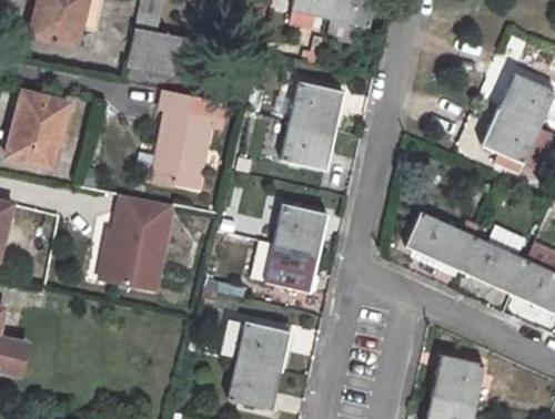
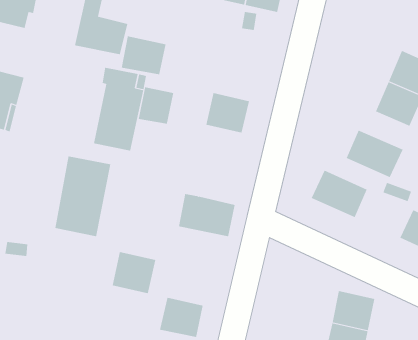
building: none -> [121,36,166,75]
building: [292,83,344,131] -> none
building: none -> [138,86,174,125]
building: [275,205,327,253] -> none
building: [460,235,527,292] -> [346,130,403,178]
building: [238,321,290,371] -> [112,251,156,294]

